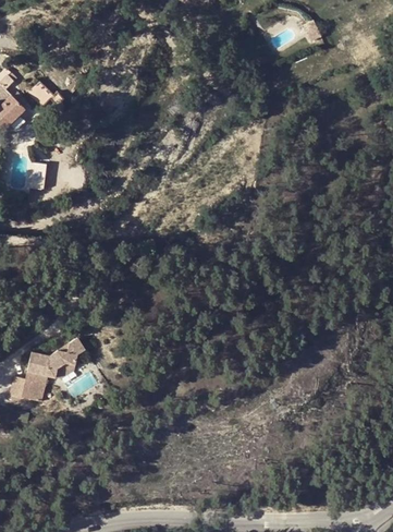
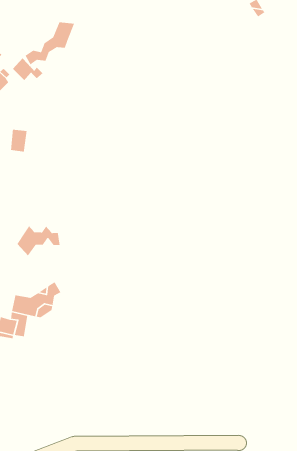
building: none -> [25,21,75,66]
building: none -> [16,225,61,256]

